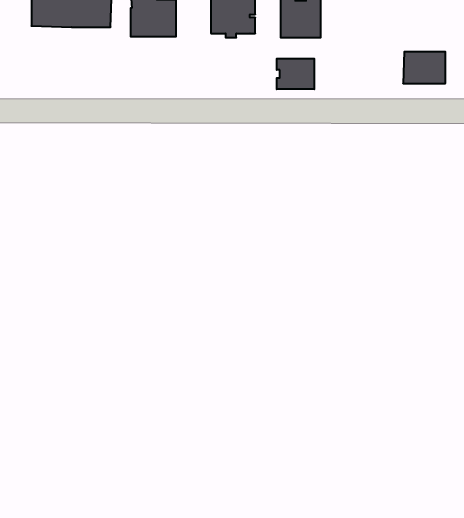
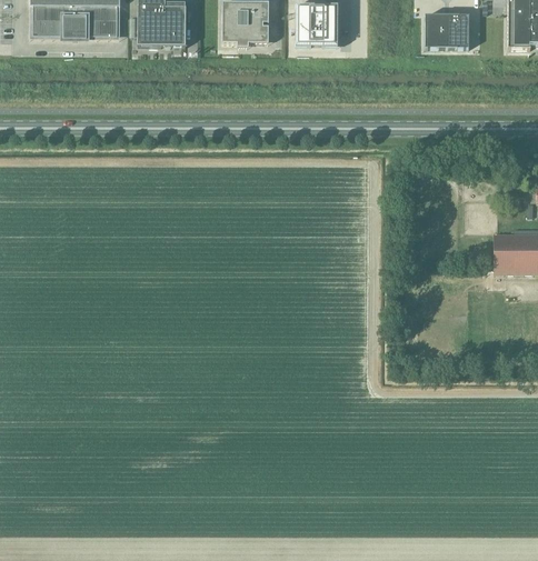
building: [403,52,445,83] -> [426,11,470,44]
building: [277,59,314,89] -> none

